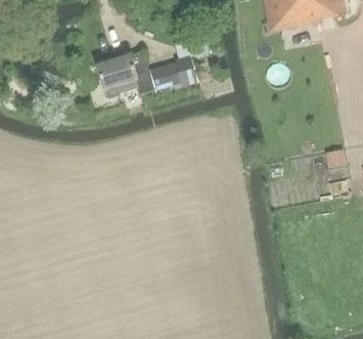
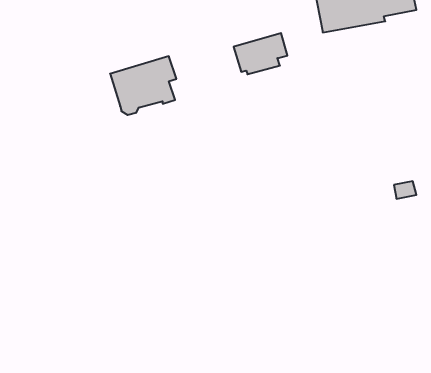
building: [148,58,192,92] -> [234,33,287,74]

